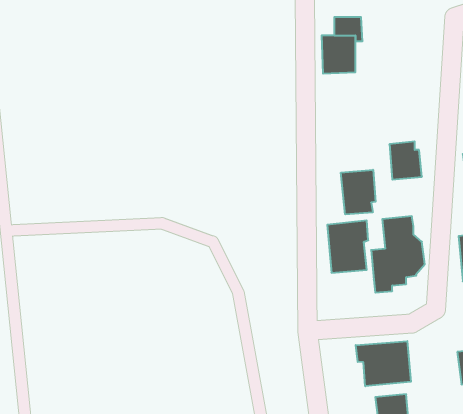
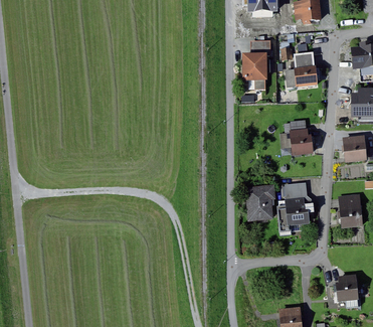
building: none -> [293,53,317,88]
building: [341,170,376,214] -> none
building: [356,341,411,386] -> none

